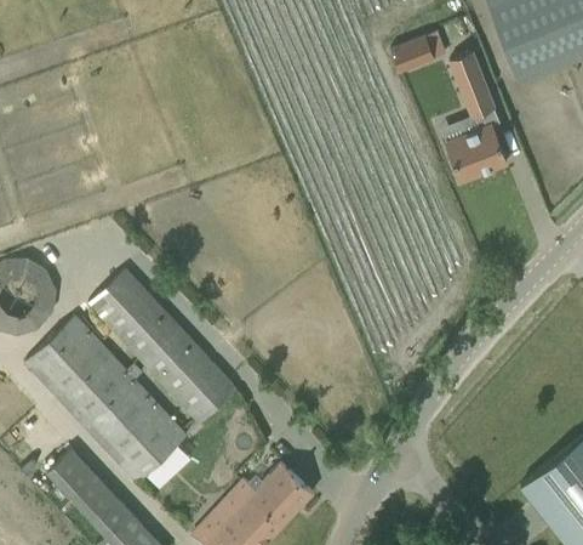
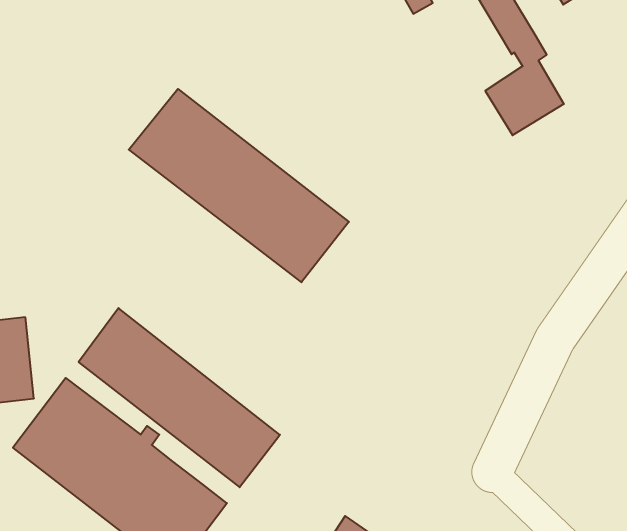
building: none -> [129,89,349,282]

